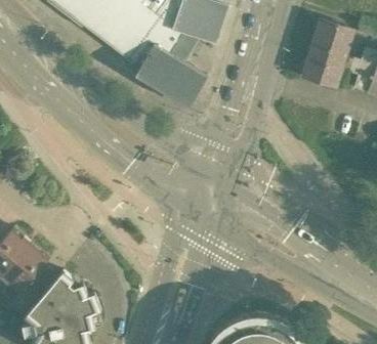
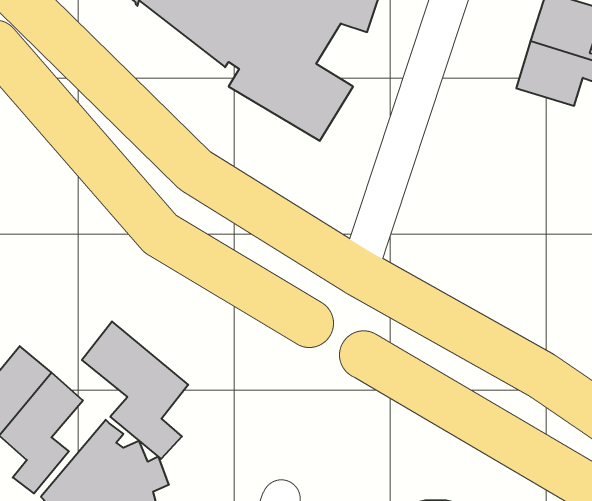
building: none -> [82,321,188,459]

